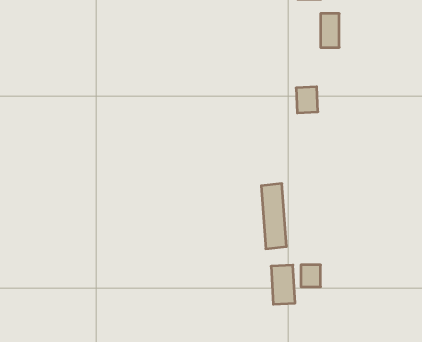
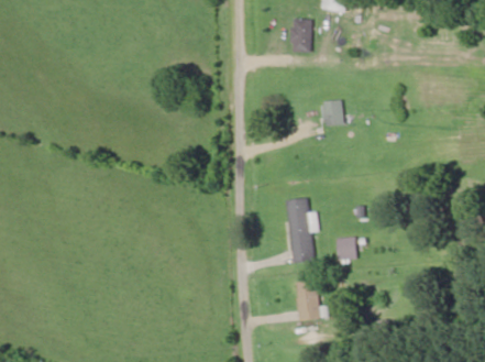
building: [321,14,339,47] -> [291,19,310,53]
building: [301,265,321,287] -> [335,238,355,260]

